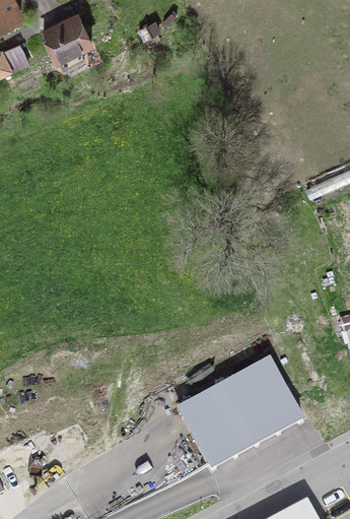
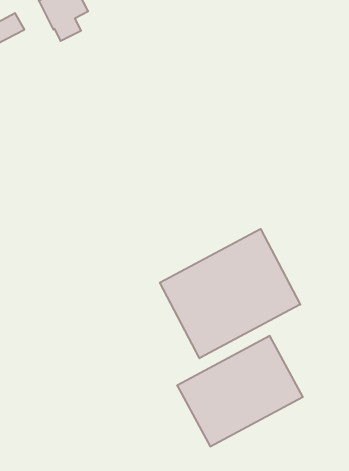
building: none -> [160,229,300,358]

